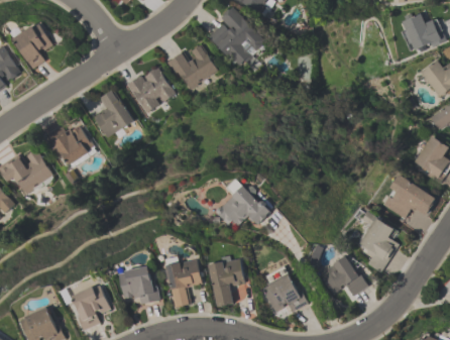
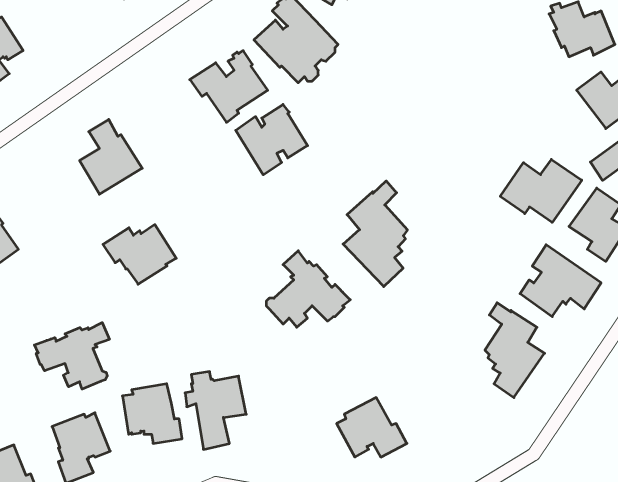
building: [126,68,174,114] -> [236,104,308,175]
building: none -> [500,159,582,222]
building: [44,125,93,164] -> [103,225,176,284]
building: none -> [343,181,407,287]
building: none -> [34,323,109,389]
building: [208,255,244,306] -> none
building: [316,255,367,298] -> none

